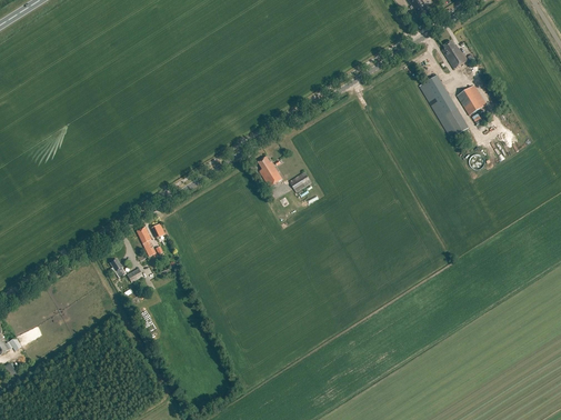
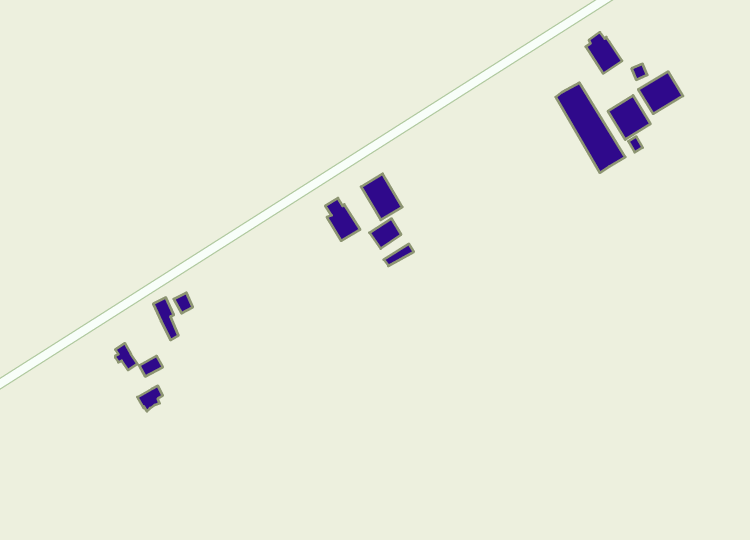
building: none -> [638,72,683,114]
building: none -> [361,174,402,220]

